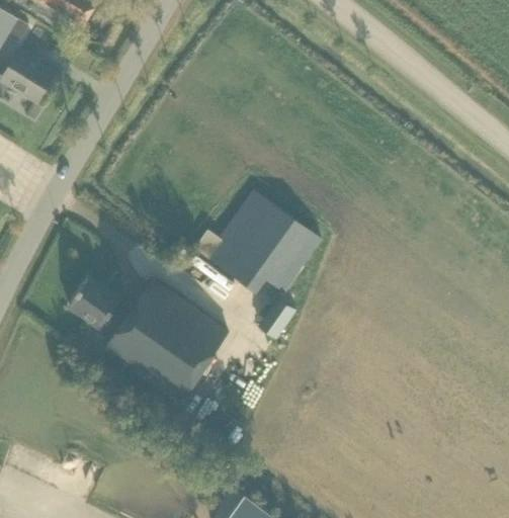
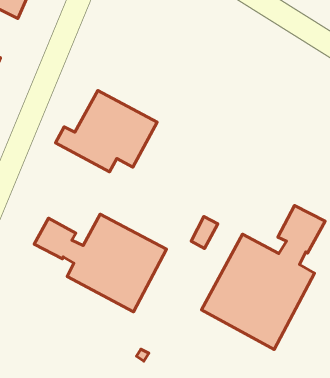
building: [194,190,322,291] -> [55,90,157,172]
building: none -> [201,205,325,349]

